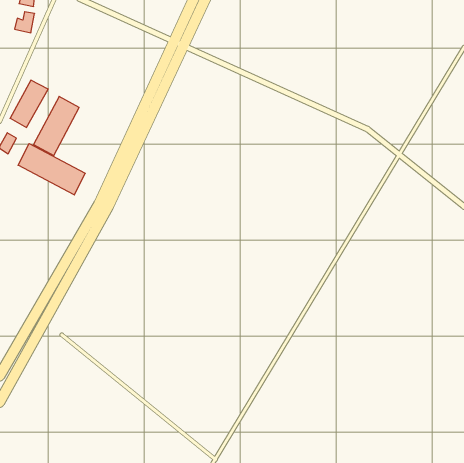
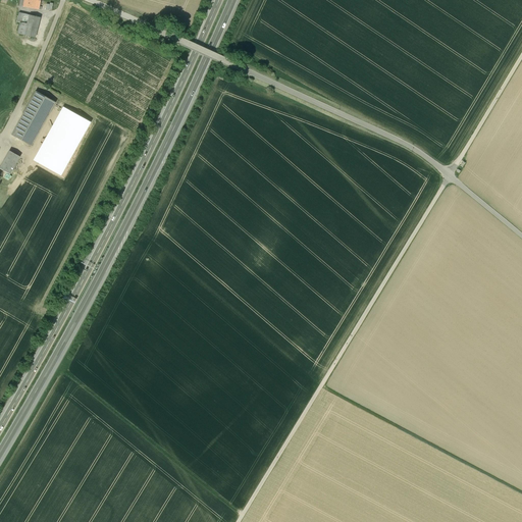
building: [18,144,85,195] -> none

